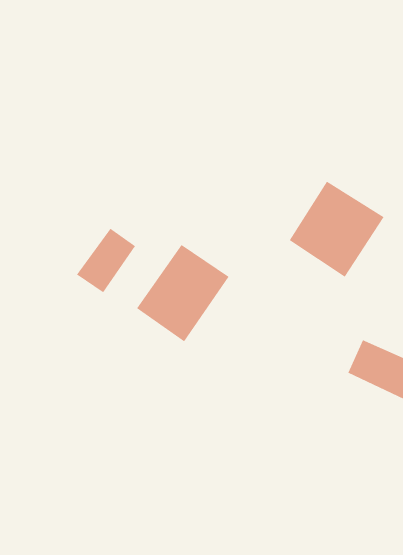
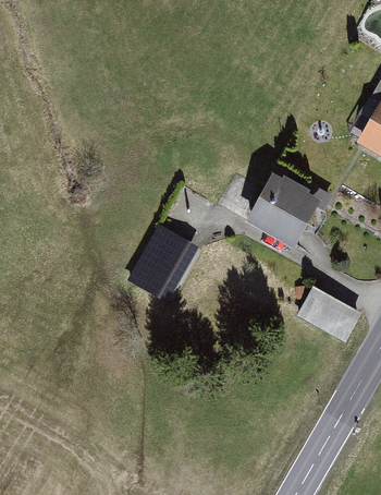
building: [76,228,136,293] -> none

